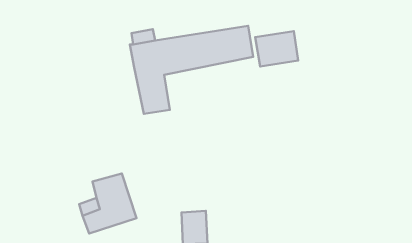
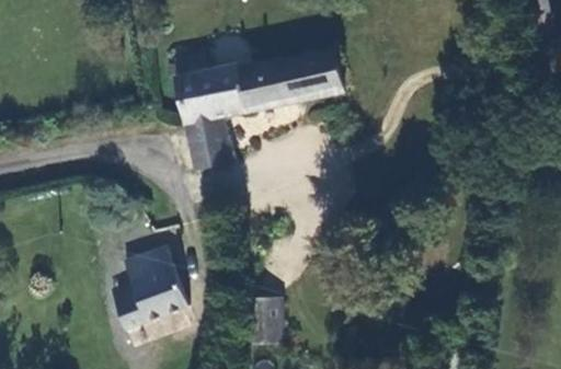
building: [255,31,298,66] -> none

